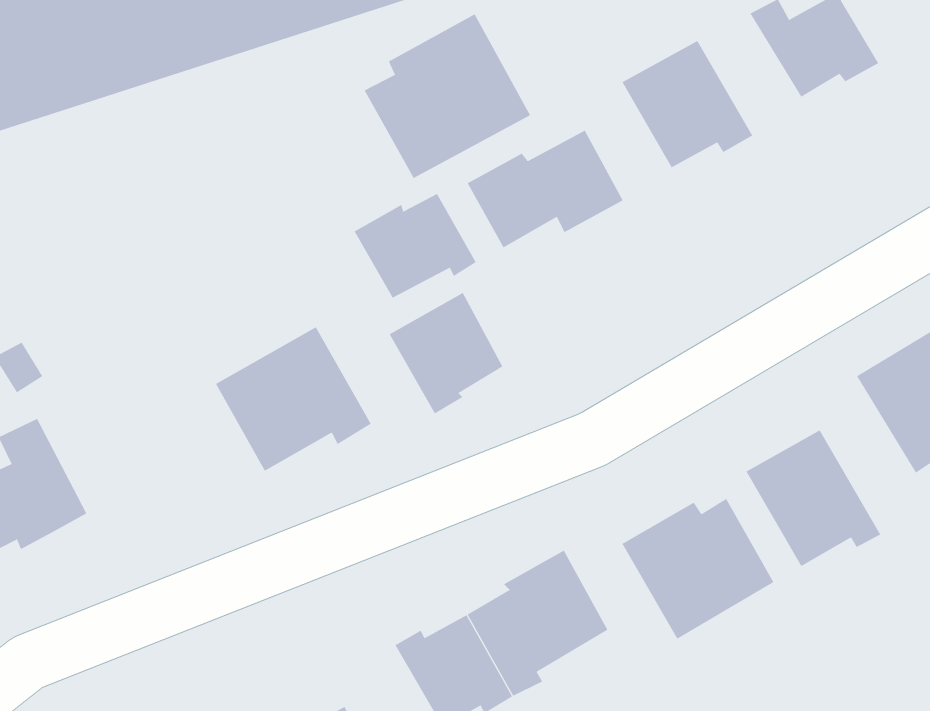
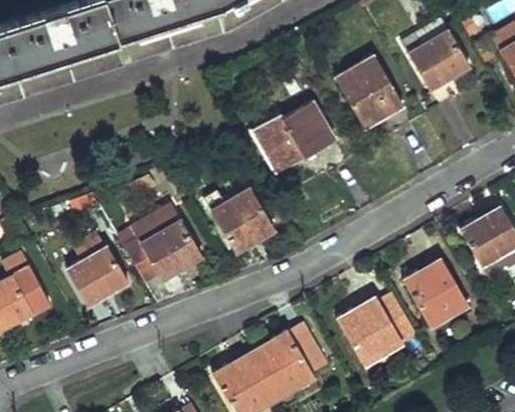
building: [364,14,531,179] -> none
building: [354,193,476,298] -> none
building: none -> [68,246,130,298]

